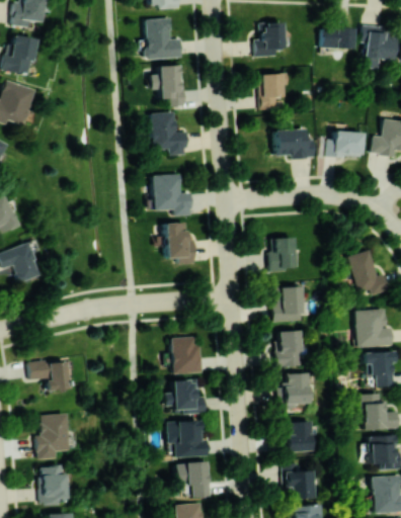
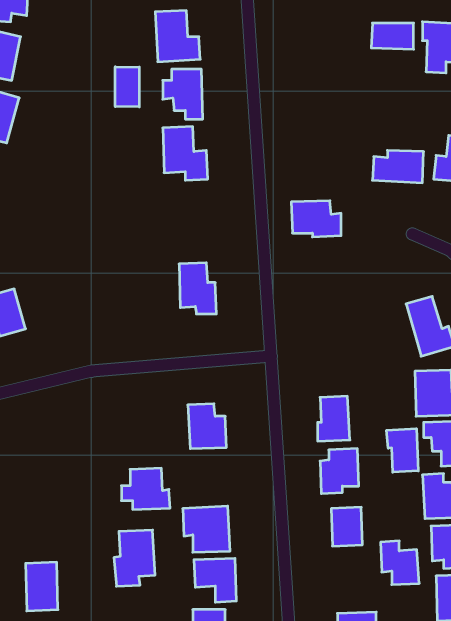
building: [255,22,284,57] -> none
building: none -> [115,67,139,107]
building: [260,74,288,110] -> none
building: [274,130,315,159] -> [291,201,341,237]
building: [152,175,190,217] -> none
building: [269,238,295,270] -> none
building: [272,286,304,322] -> none
building: none -> [387,429,418,472]
building: [28,360,68,392] -> none
building: [165,379,205,413] -> [121,468,170,509]
building: [35,414,69,459] -> [114,530,155,586]
building: [284,463,315,499] -> [381,541,419,585]

